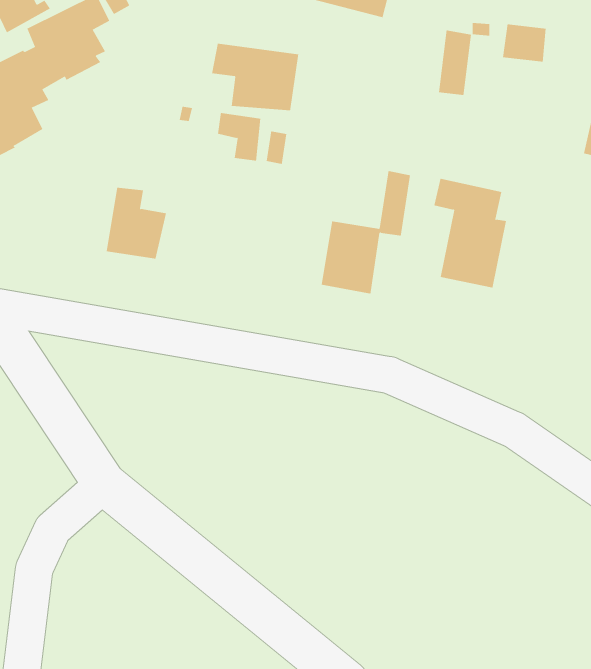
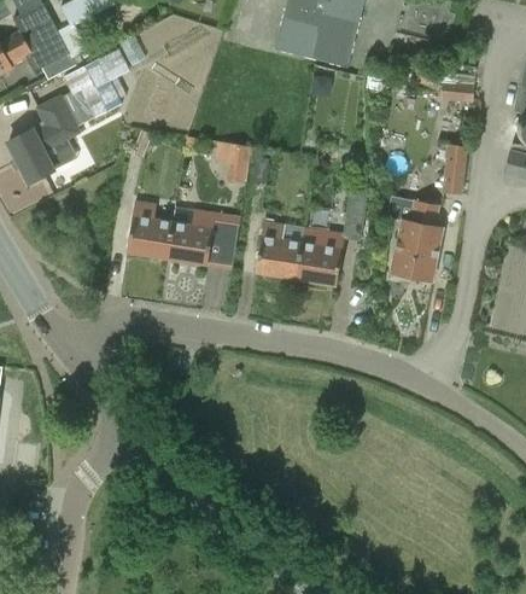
building: [438,30,472,96] -> [442,142,468,194]
building: [211,43,299,111] -> none
building: none -> [166,210,240,269]
building: none -> [256,221,305,279]

